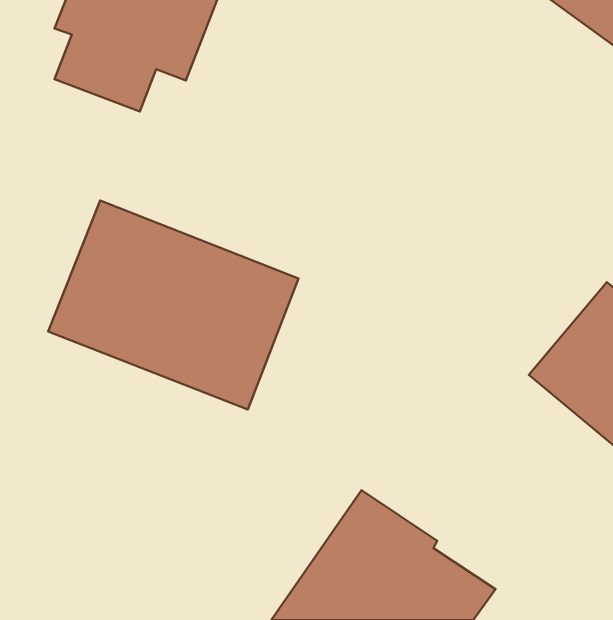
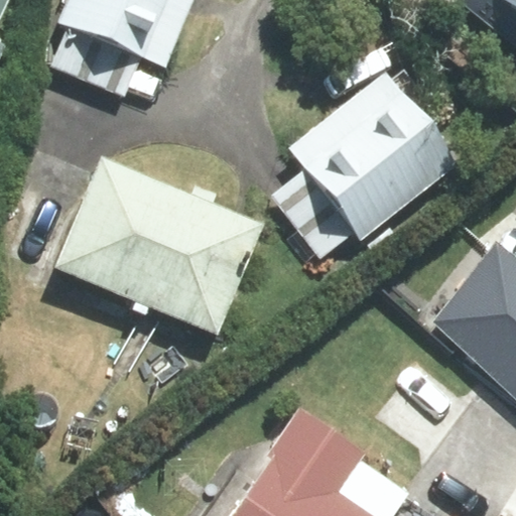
building: none -> [275,71,459,258]

